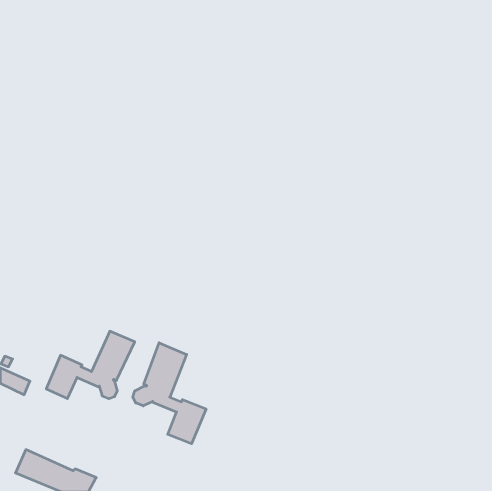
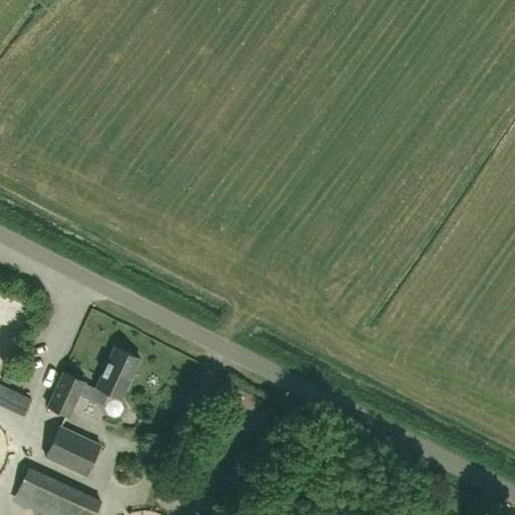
building: [133,343,206,444] -> none
building: none -> [45,424,103,477]

